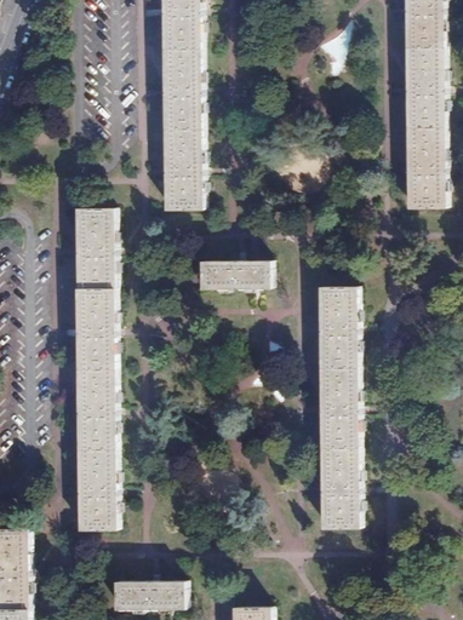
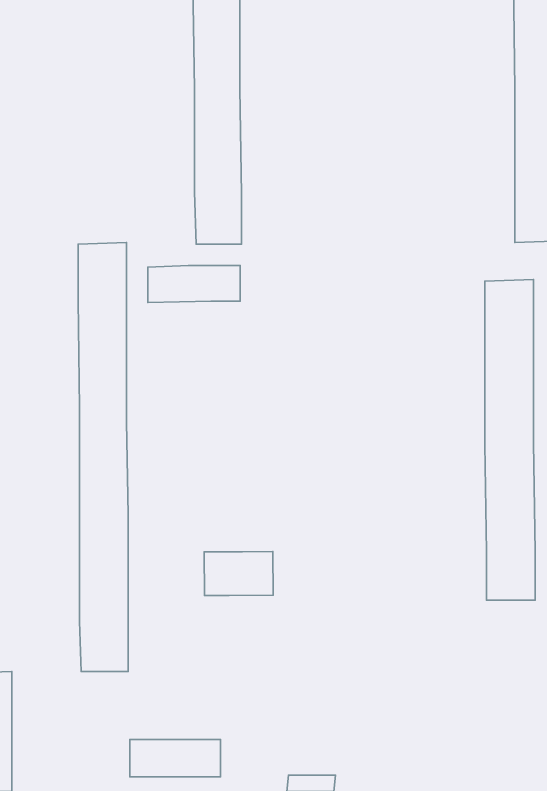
building: [201,262,270,289] -> [148,265,240,303]
building: [320,287,358,527] -> [485,280,535,600]
building: none -> [204,552,273,596]

